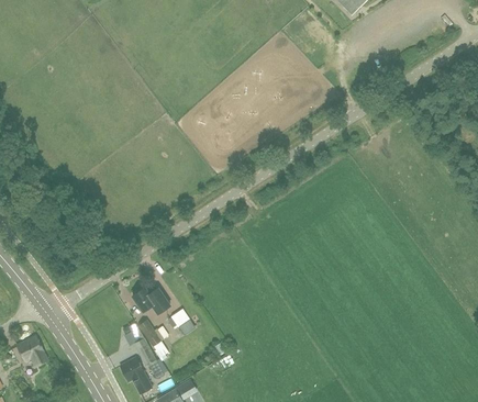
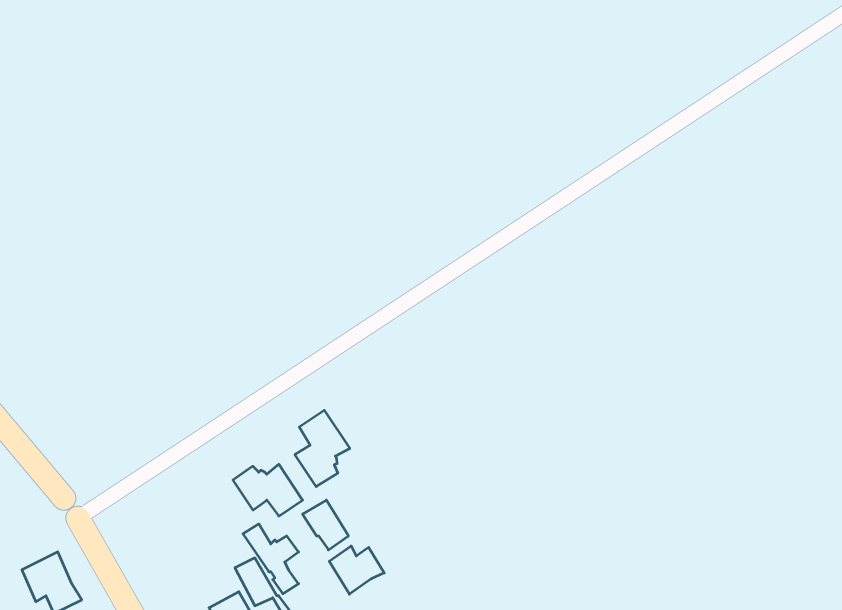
building: none -> [295,410,350,487]
building: none -> [329,546,384,594]

